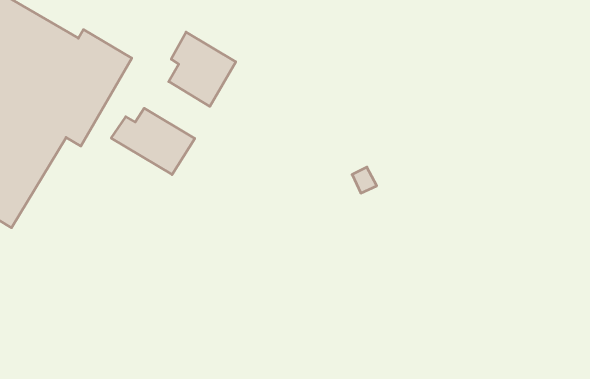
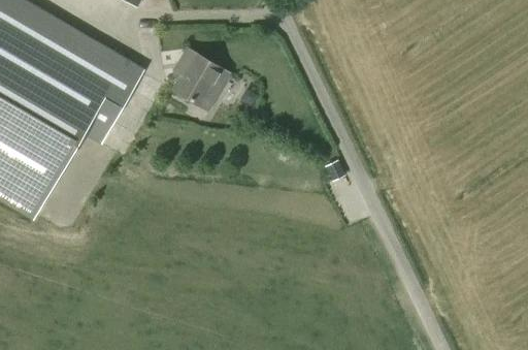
building: [111,108,195,175] -> none

